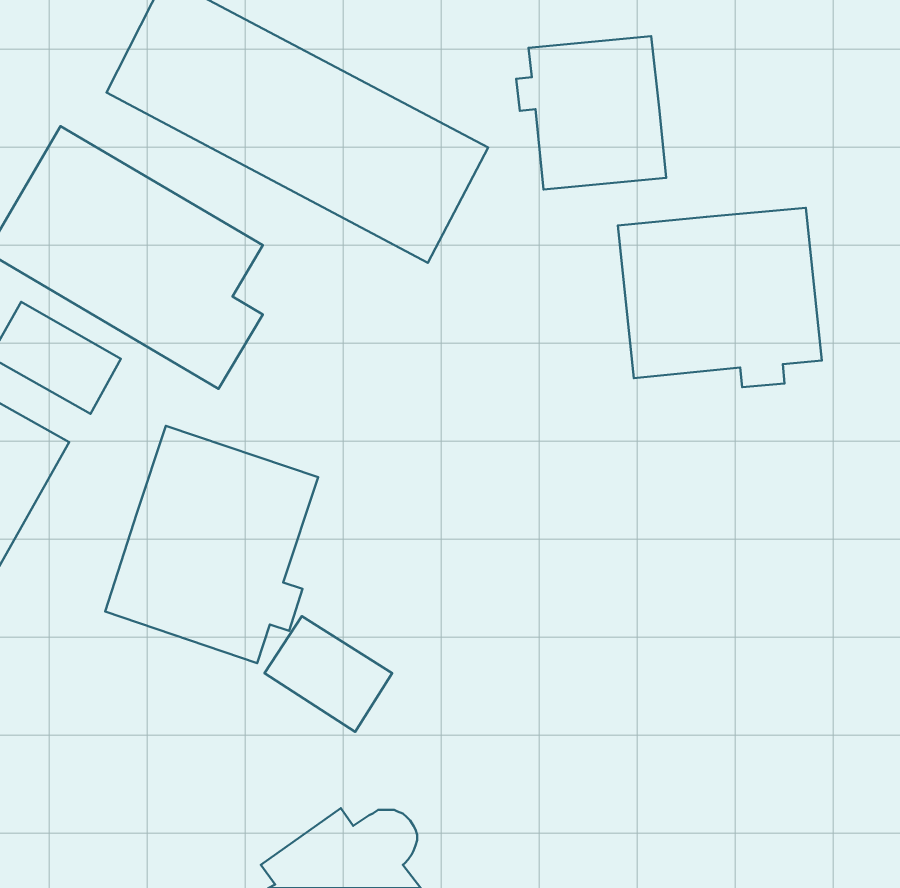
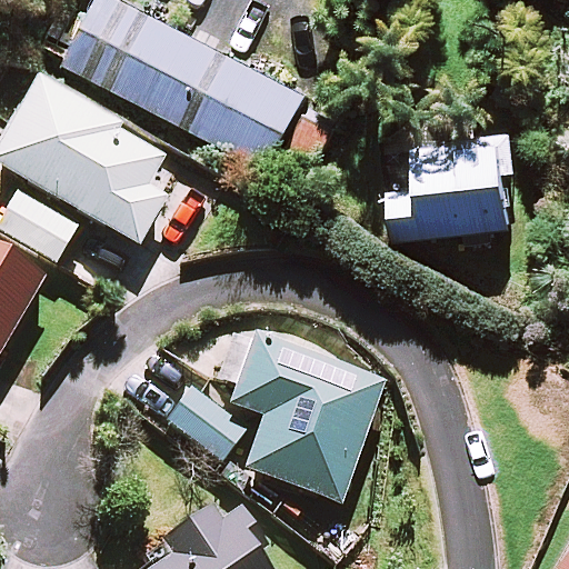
building: [516,36,666,189] -> none
building: [105,426,318,663] -> none
building: none -> [217,330,382,502]

